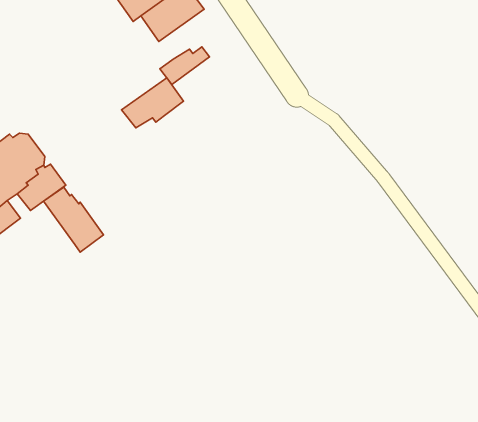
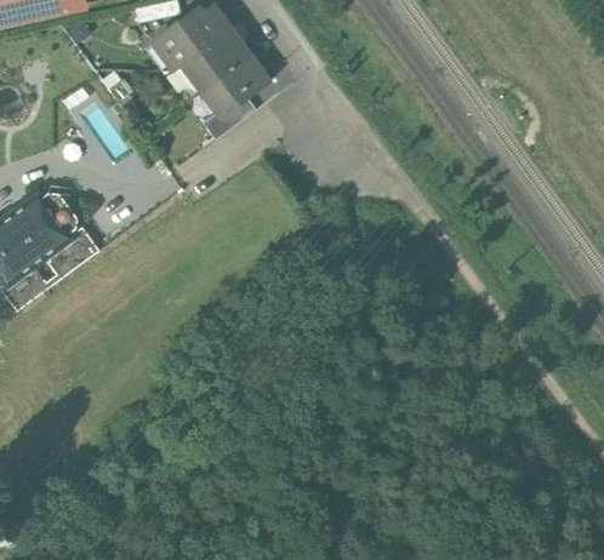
building: [121,78,183,128] -> [201,56,269,110]
building: [43,187,104,252] -> none

